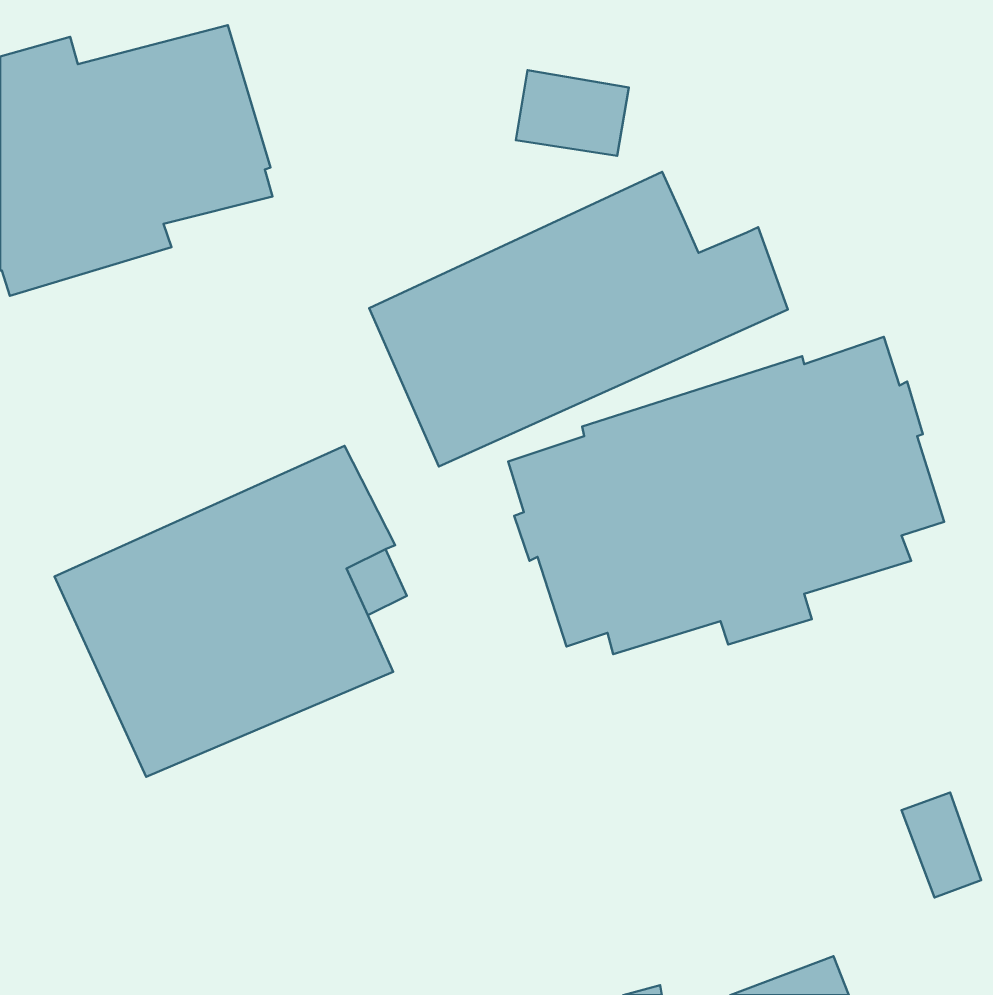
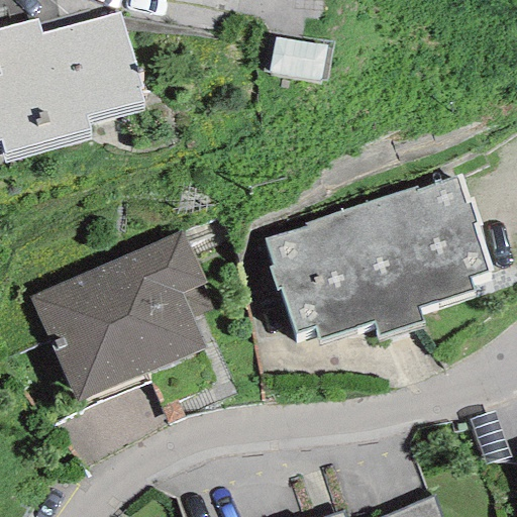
building: [369,172,788,467] -> none

